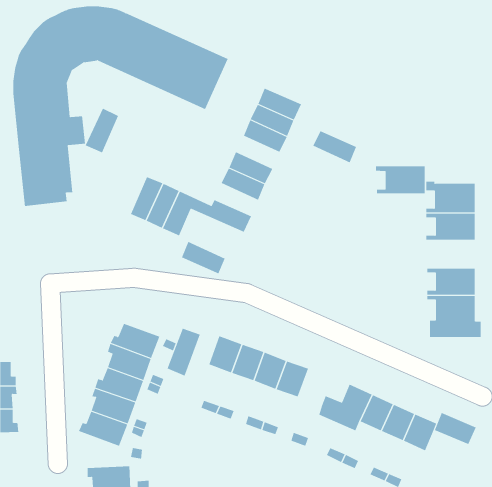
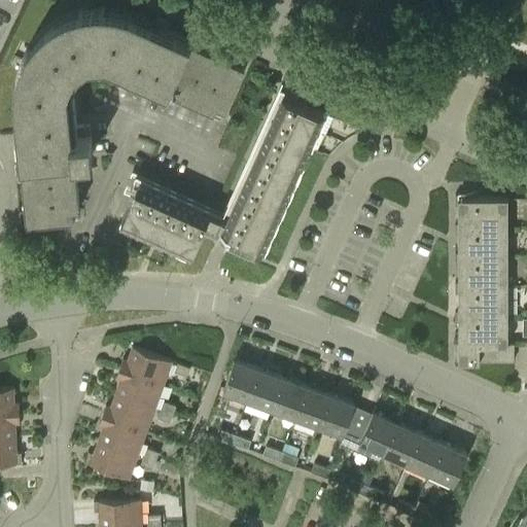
building: [85,108,119,153] -> [120,186,156,235]
building: [312,130,357,163] -> [251,151,298,186]
building: [375,166,425,194] -> [454,262,507,292]
building: [181,241,225,274] -> [229,202,276,237]
building: [167,328,201,376] -> none
building: none -> [318,399,354,440]
building: [434,412,477,445] -> none

